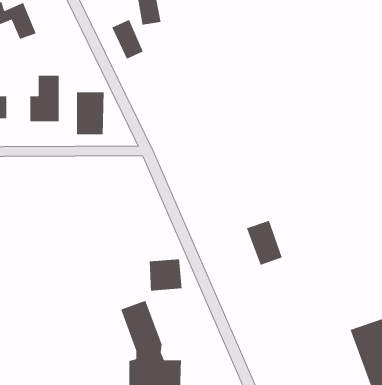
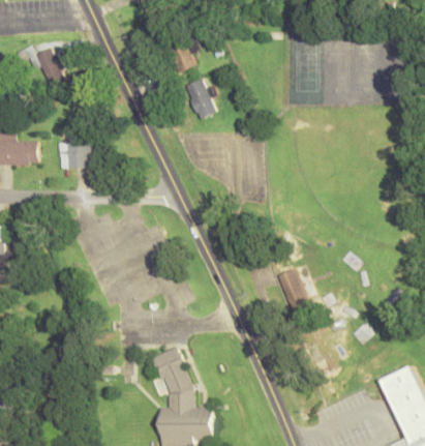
building: [111,19,144,60] -> [183,78,216,119]
building: [76,92,105,135] -> none
building: [149,258,182,292] -> none

